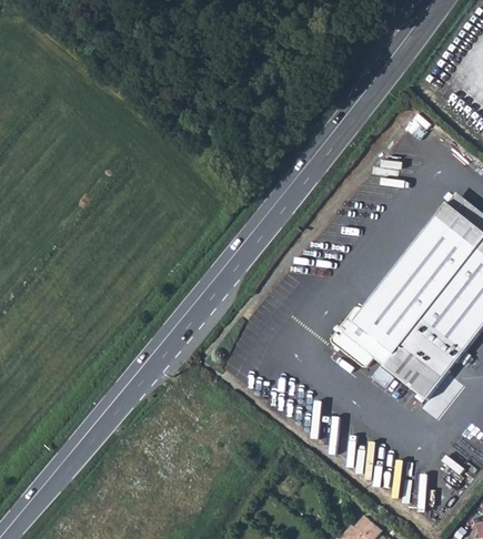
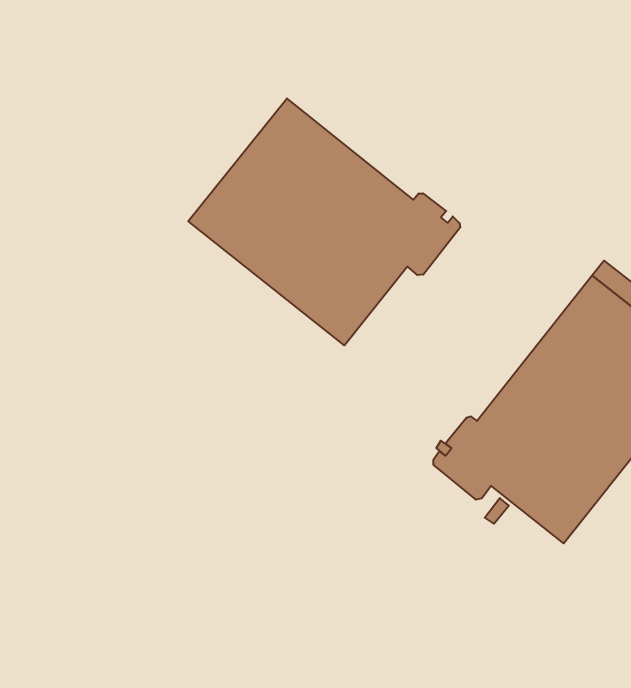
building: none -> [188,98,460,345]

